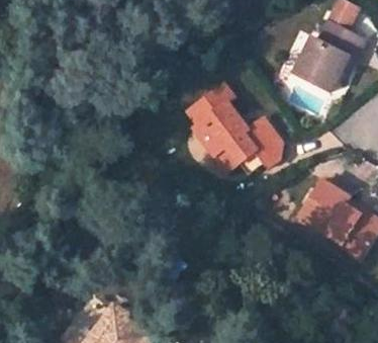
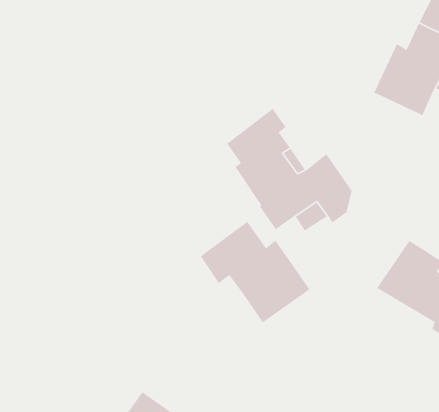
building: none -> [200,221,311,323]

